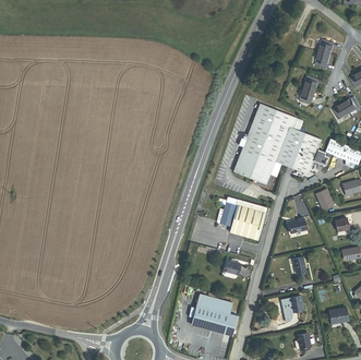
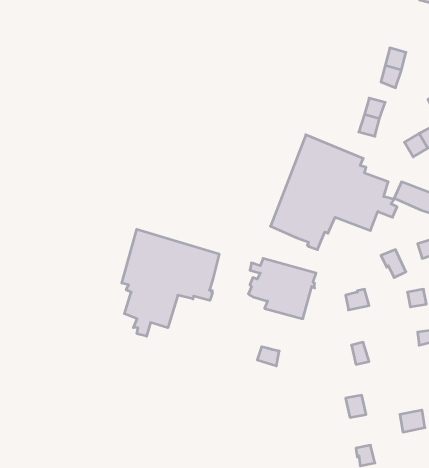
building: none -> [122,229,219,336]
building: [190,295,239,336] -> none

